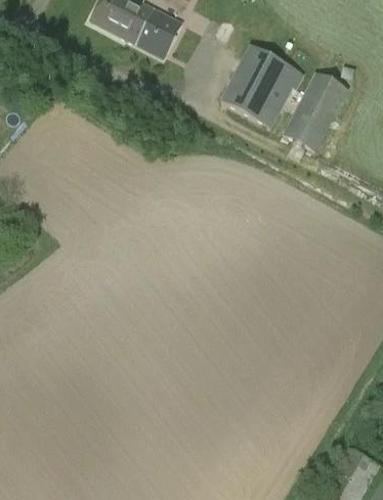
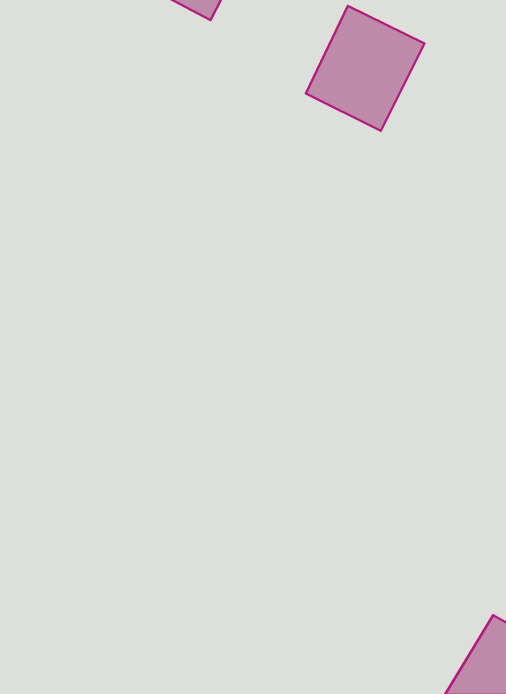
building: [286,72,348,149] -> none

